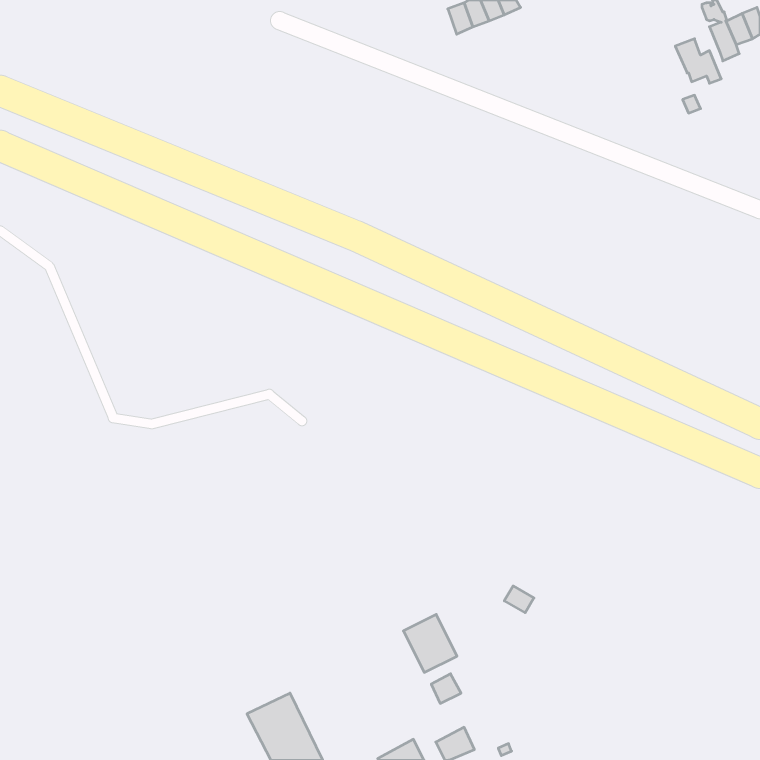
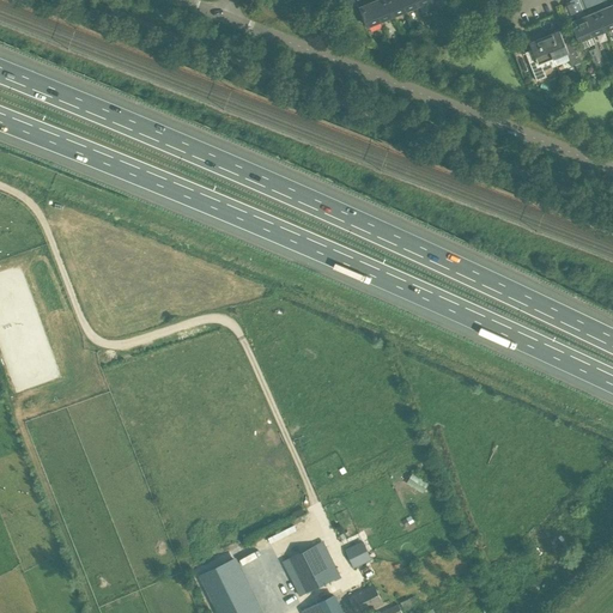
building: none -> [528,37,553,81]
building: [403,614,457,672] -> [290,545,333,591]

